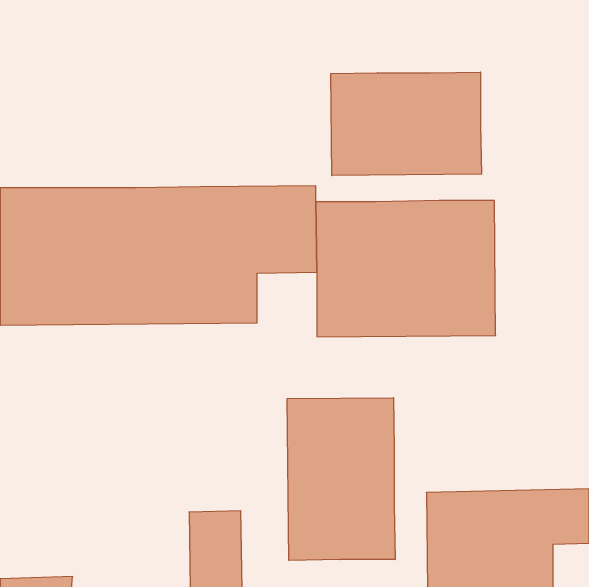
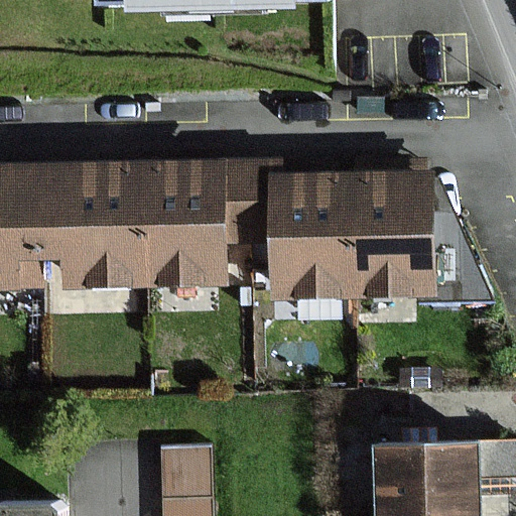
building: [331,72,482,176] -> none
building: [287,398,395,560] -> none

